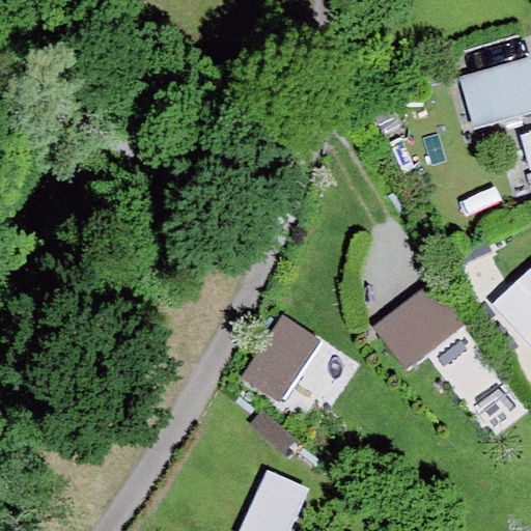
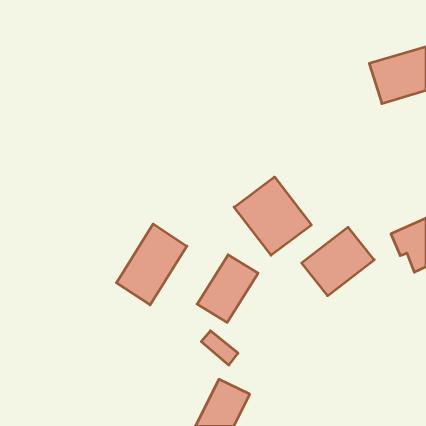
building: none -> [234,177,311,255]
building: none -> [116,224,187,305]

